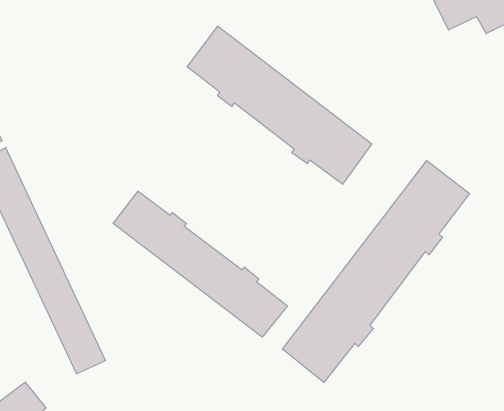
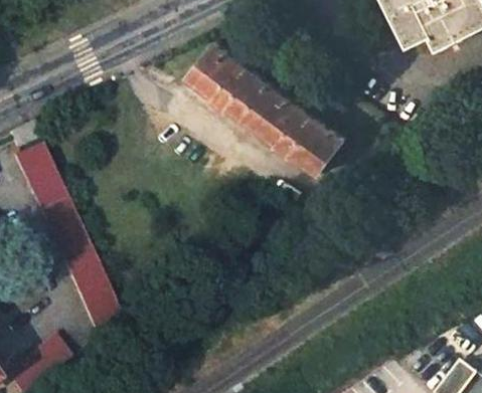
building: [282,160,469,383] -> none
building: [113,191,287,337] -> none

